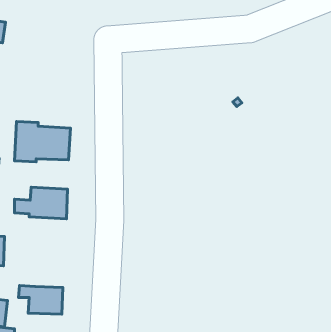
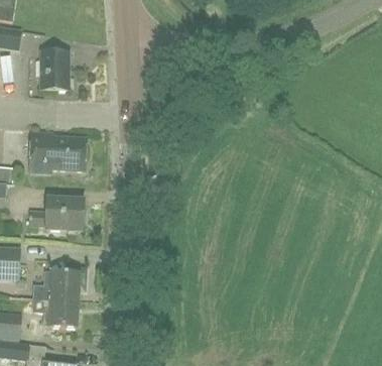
building: none -> [39,49,69,90]
building: none -> [34,267,85,300]

